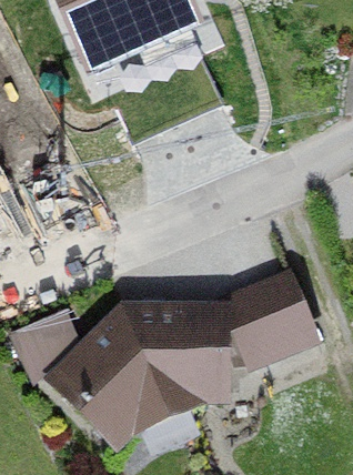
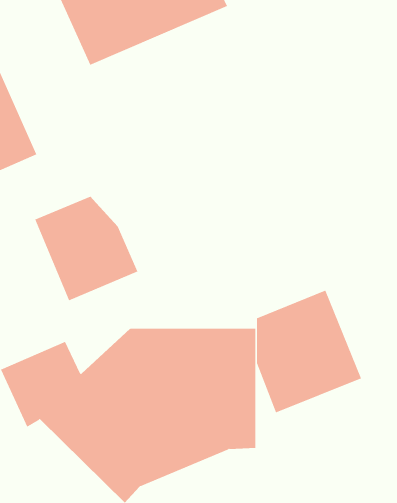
building: none -> [34,196,138,301]

